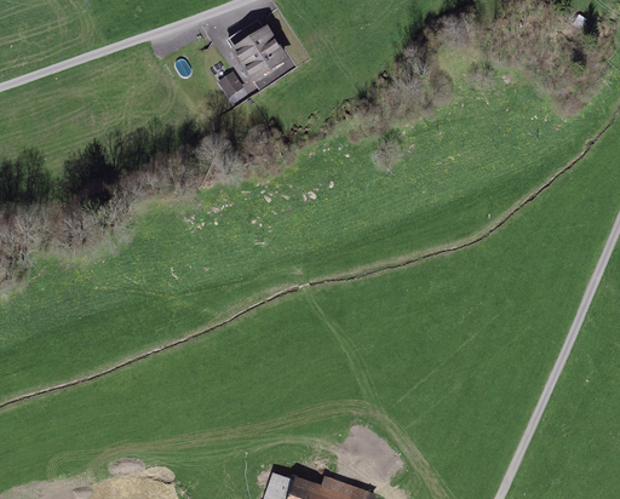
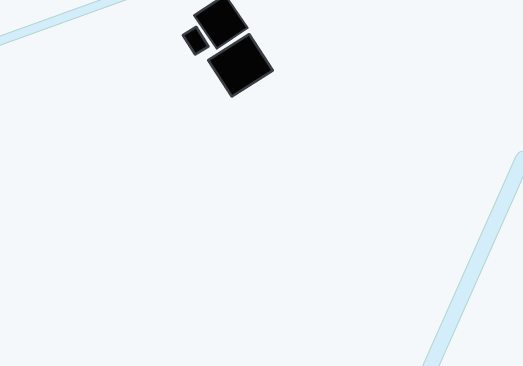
building: none -> [208,34,273,96]

